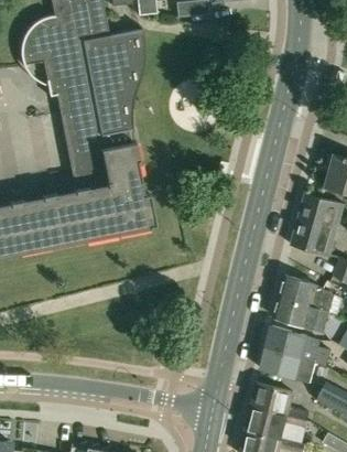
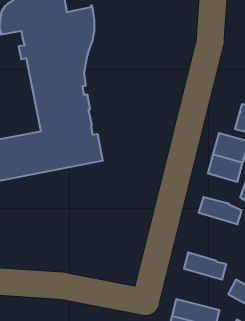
building: [273,295,329,330] -> none
building: [265,325,330,368] -> none
building: [250,383,308,422] -> none

